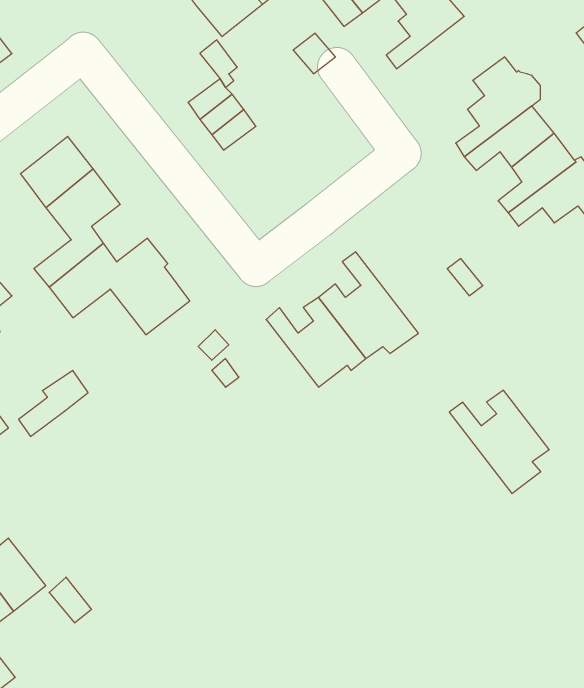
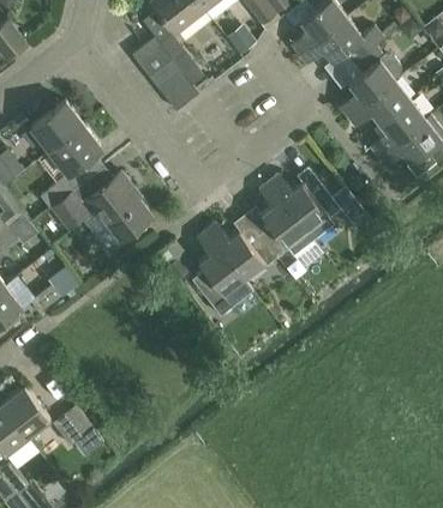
building: none -> [298,18,384,65]
building: none -> [132,40,173,79]
building: none -> [192,232,252,318]
building: [449,390,549,494] -> [269,169,340,242]

